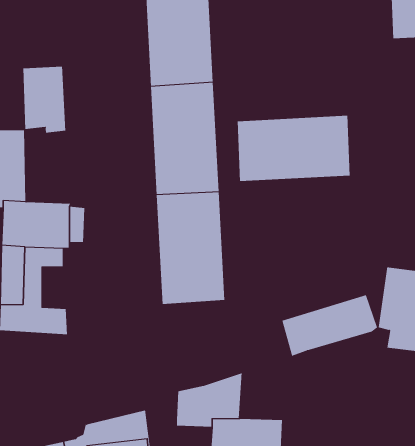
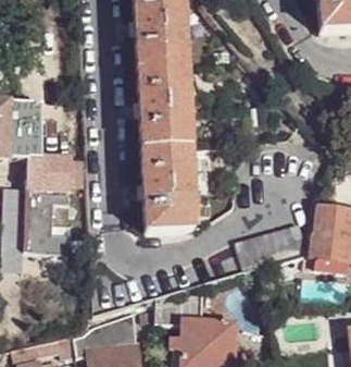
building: [23,66,66,134] -> none
building: [237,115,350,182] -> none

